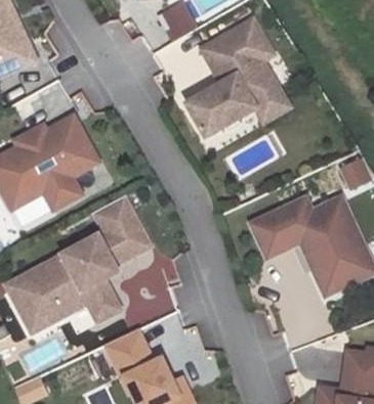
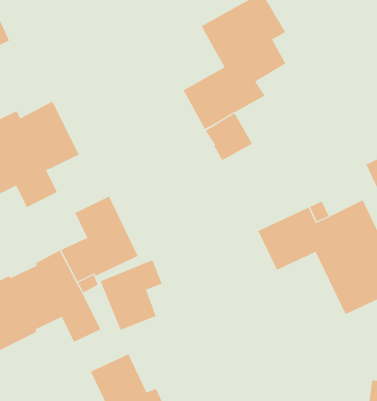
building: [248,83,289,124] -> [205,113,253,161]

